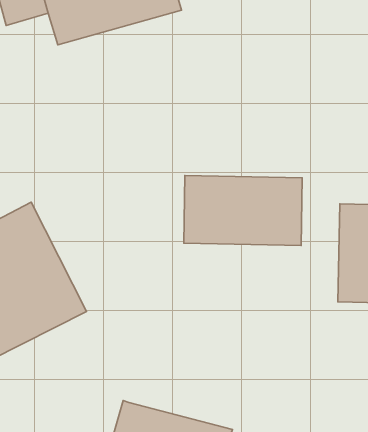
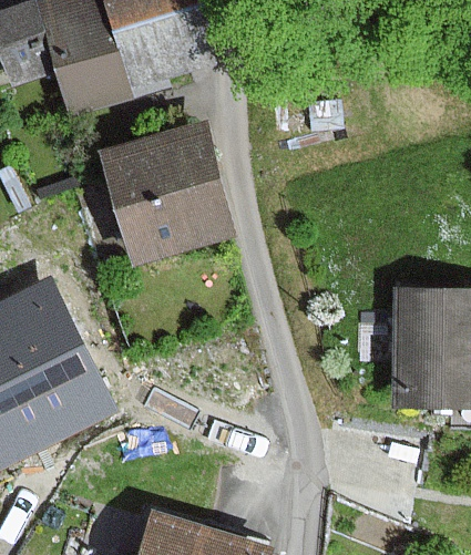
building: none -> [107,124,233,258]
building: [184,175,302,246] -> none

